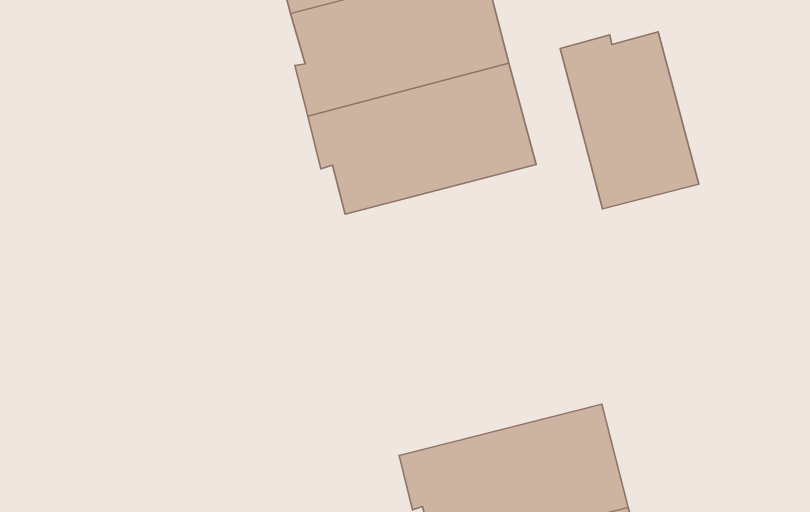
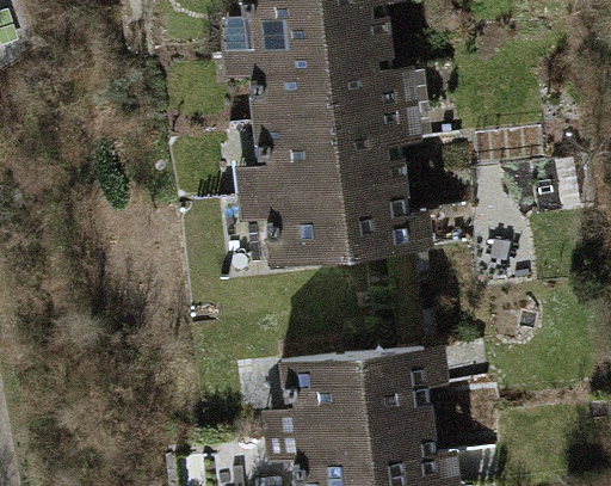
building: [560,32,699,209] -> none
building: none -> [266,176,413,264]

